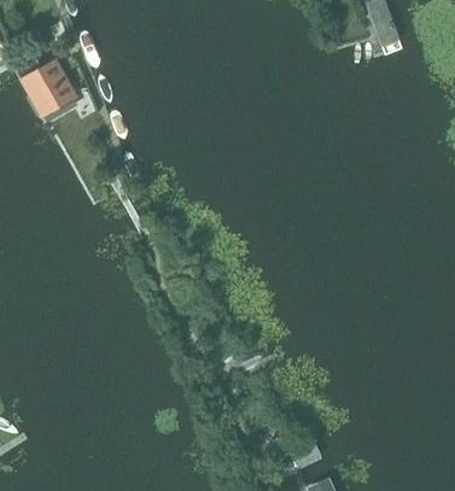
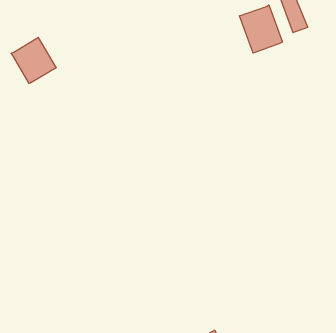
building: none -> [239,5,282,53]

